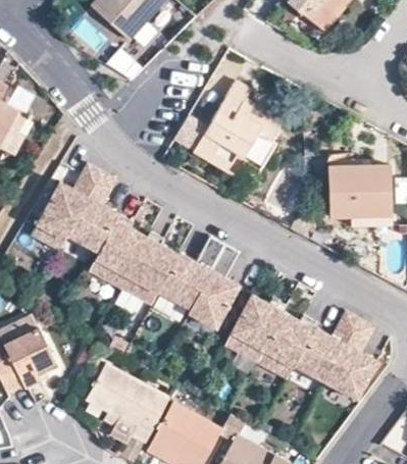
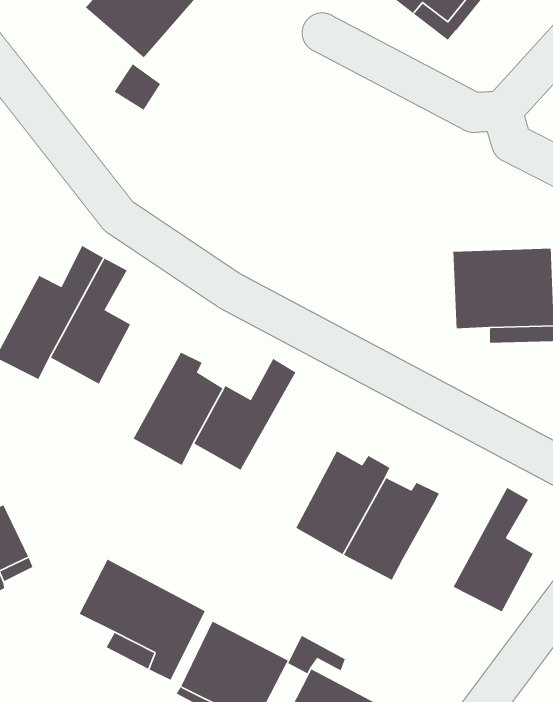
building: [192,82,282,172] -> none
building: [90,214,149,288] -> none
building: [189,245,240,327] -> none
building: [295,310,361,382] -> none

